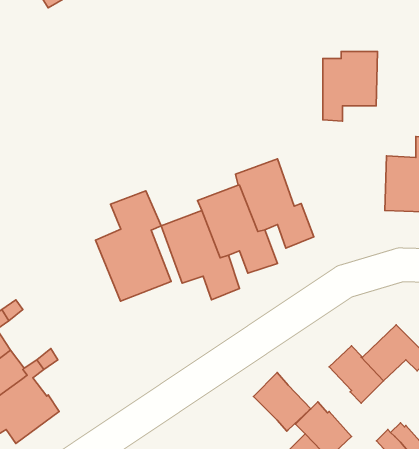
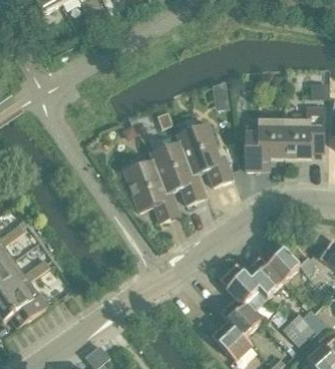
building: [323,51,377,121] -> [245,119,284,169]
building: [95,191,171,301] -> none
building: [253,373,311,431] -> [218,262,259,304]

